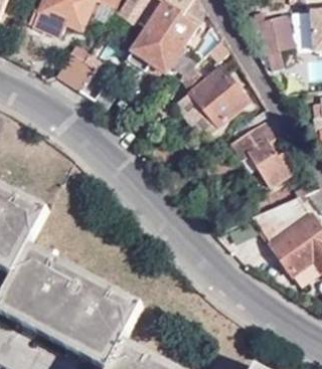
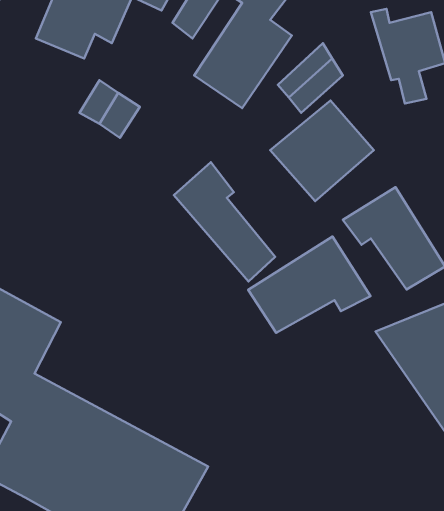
building: none -> [174,162,275,281]
building: none -> [248,237,371,333]

